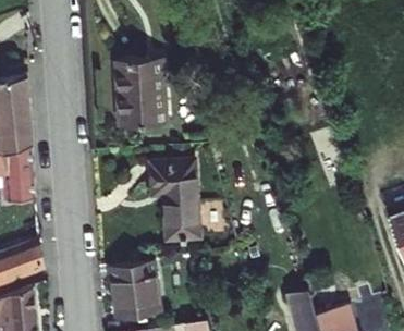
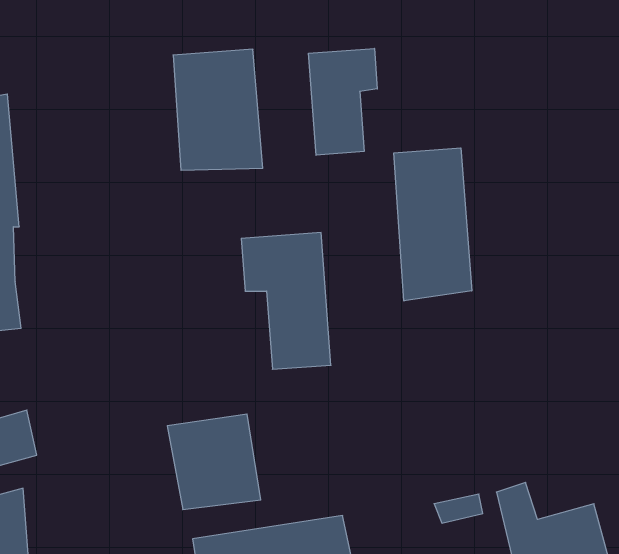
building: none -> [309,48,377,155]
building: none -> [394,148,472,301]

